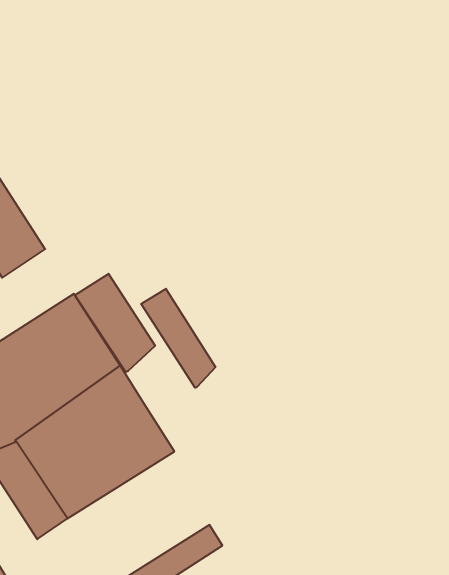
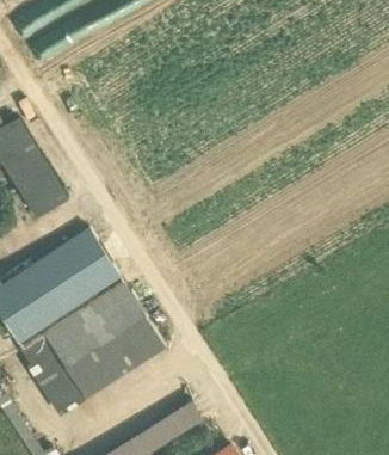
building: [75,274,155,372] -> none
building: [141,289,215,388] -> none

